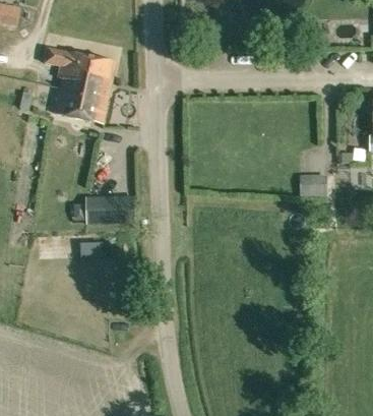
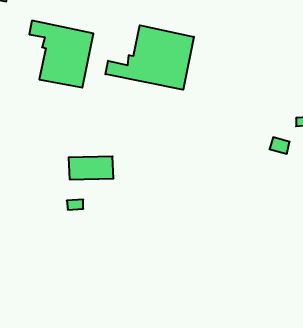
building: none -> [105,25,194,90]

